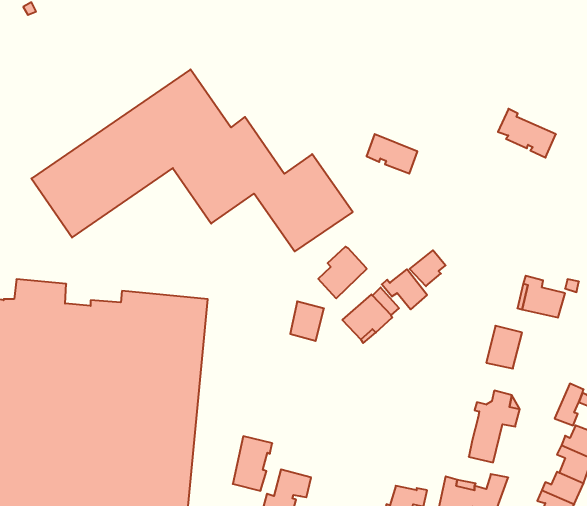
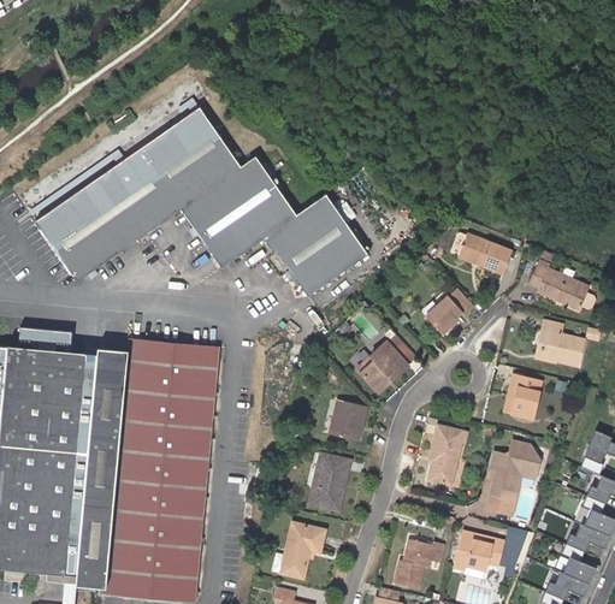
building: [498,109,556,158] -> [530,261,590,312]
building: [366,134,417,174] -> [459,233,511,274]
building: [318,247,367,298] -> none
building: [382,269,427,309] -> none
building: [290,301,324,341] -> [330,401,365,442]
building: none -> [428,427,467,485]
building: [233,436,272,491] -> [308,454,349,510]

